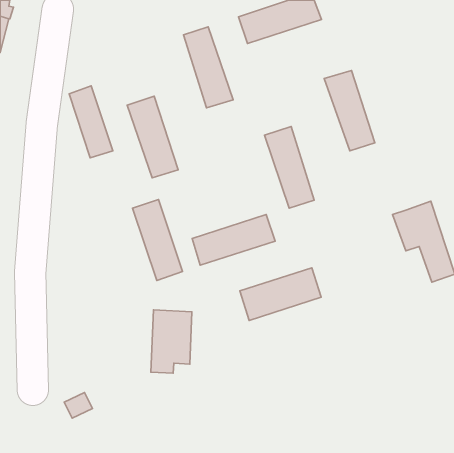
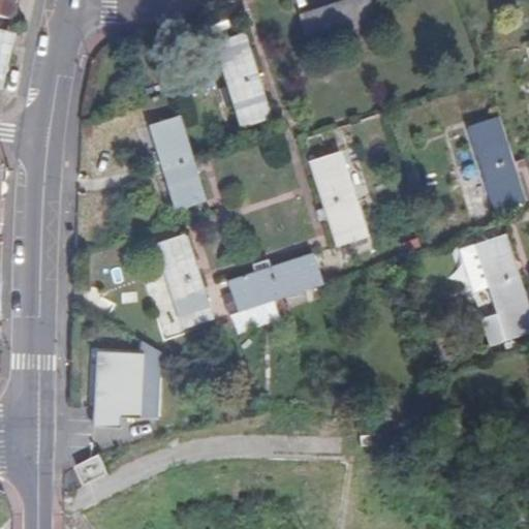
building: [324,71,375,151] -> [464,117,523,210]
building: [69,86,113,158] -> none
building: [240,268,321,320] -> none
building: [151,310,192,373] -> [97,356,145,430]

